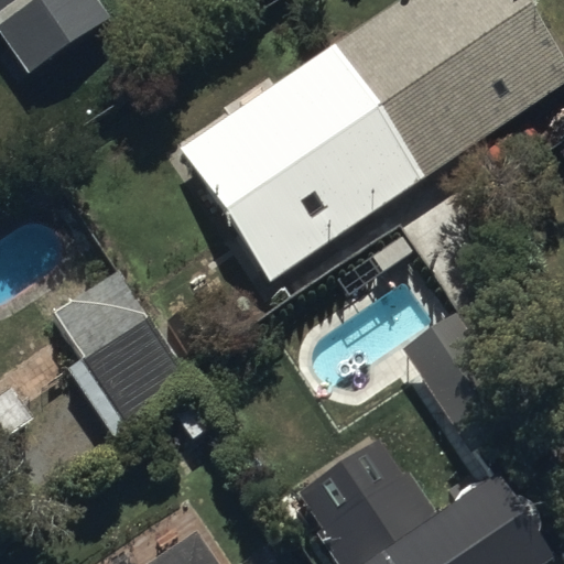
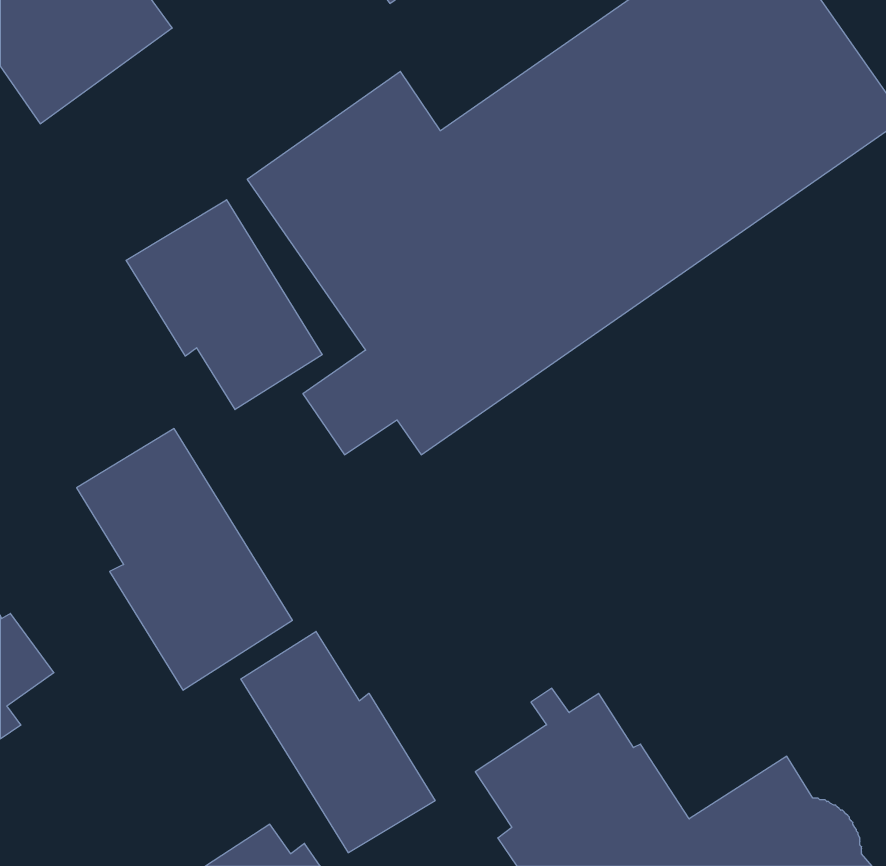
building: none -> [126,200,322,410]
building: none -> [241,631,435,853]

